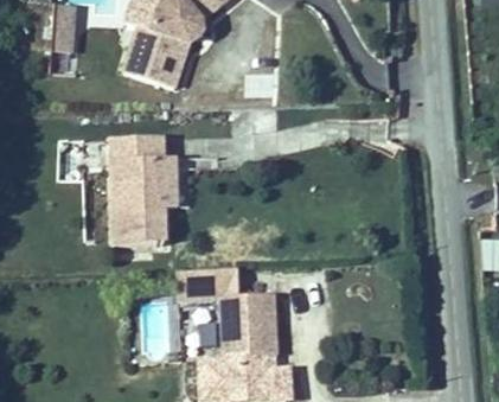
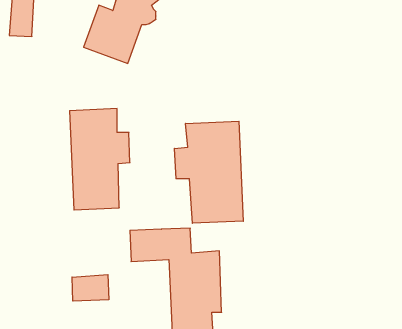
building: none -> [174,121,243,223]
building: none -> [72,275,109,301]

